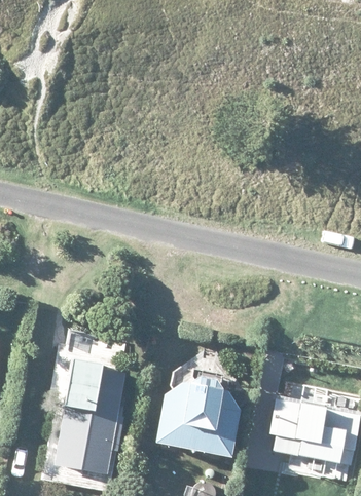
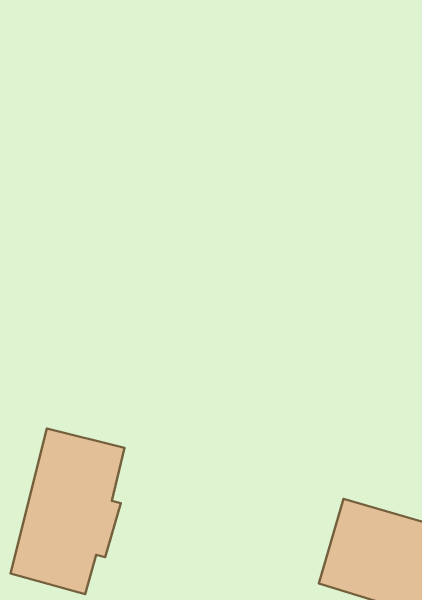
building: [153,377,239,457] -> none

